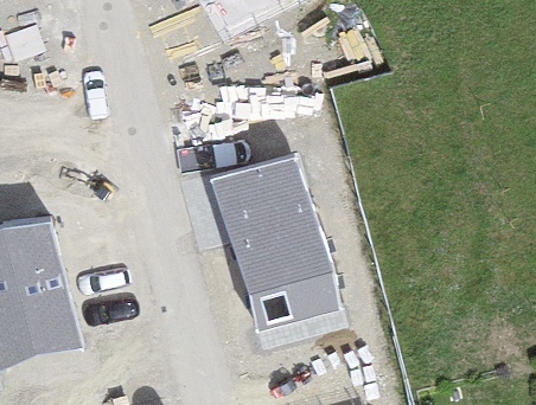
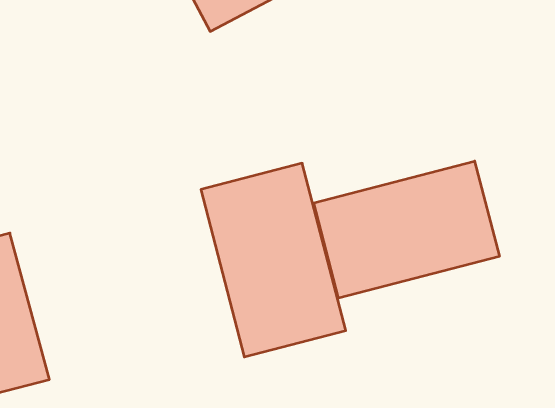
building: none -> [314,161,499,298]

